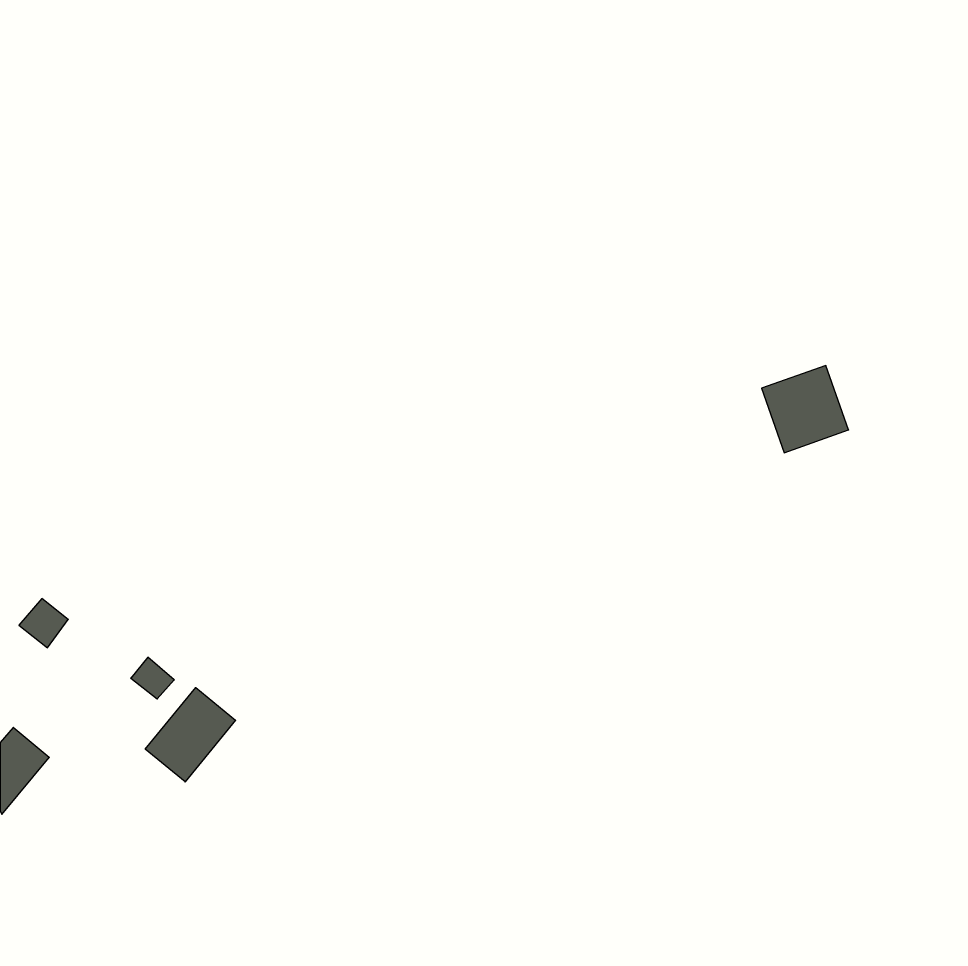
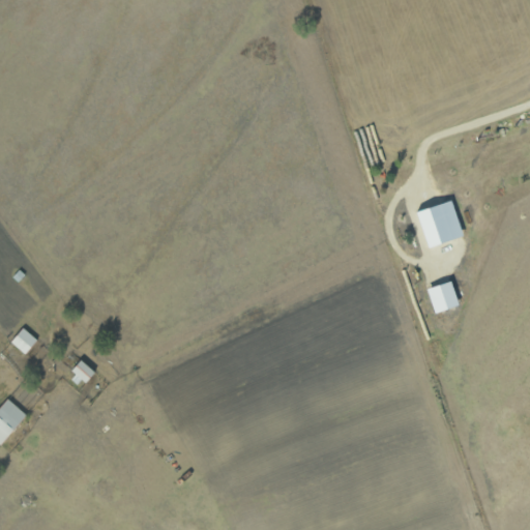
building: none -> [426,281,459,313]
building: [145,688,236,782] -> none

